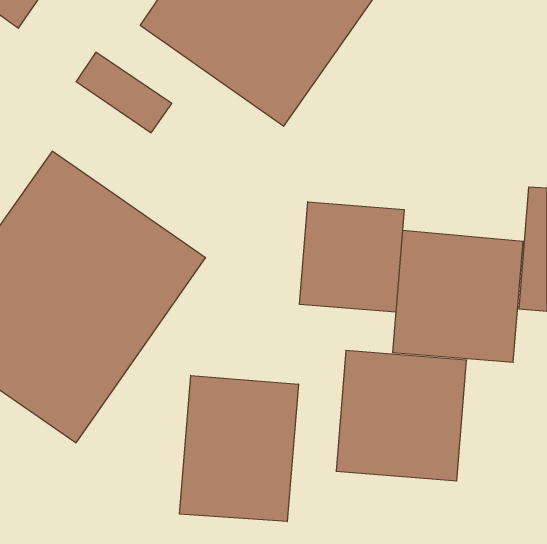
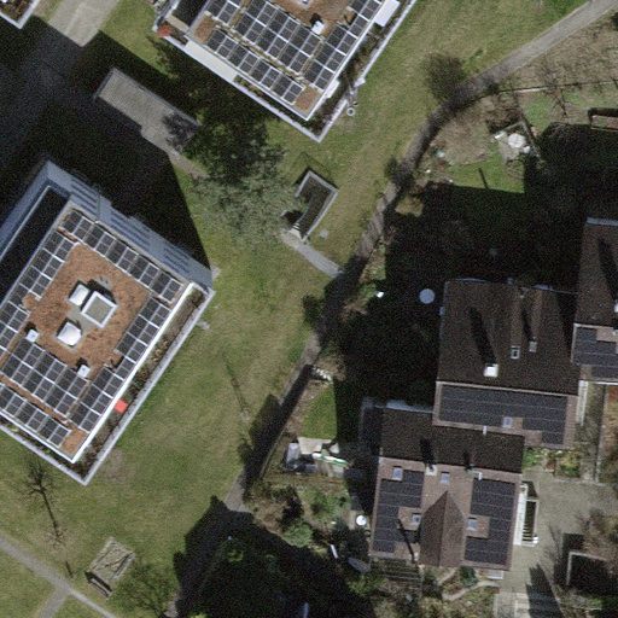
building: [299,202,404,312] -> none
building: [179,375,298,522] -> none

